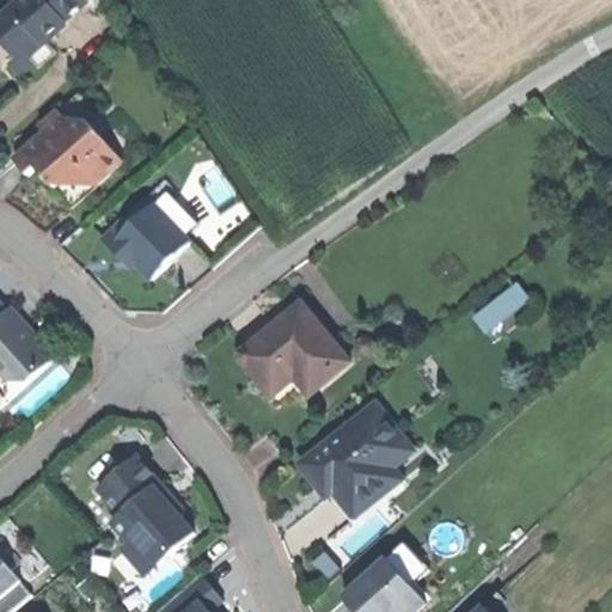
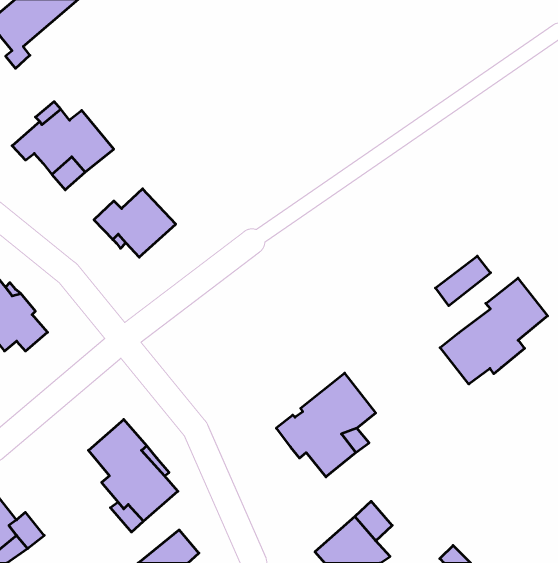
building: none -> [440,278,548,384]
building: [235,304,348,397] -> none

